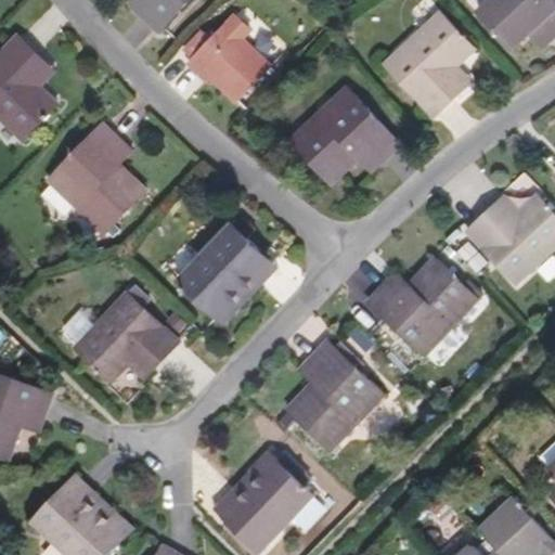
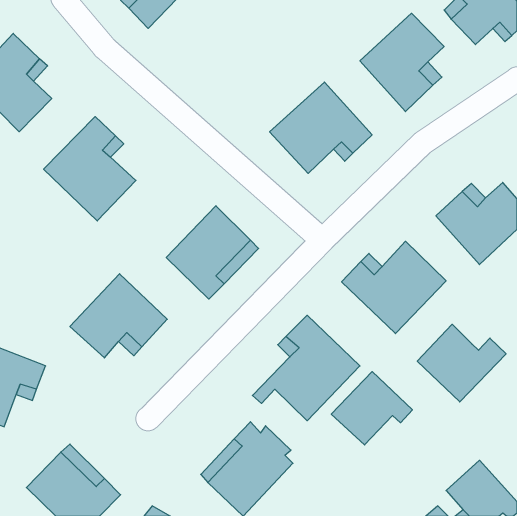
building: [184,14,282,101] -> none
building: none -> [417,324,506,402]
building: none -> [331,372,412,445]

